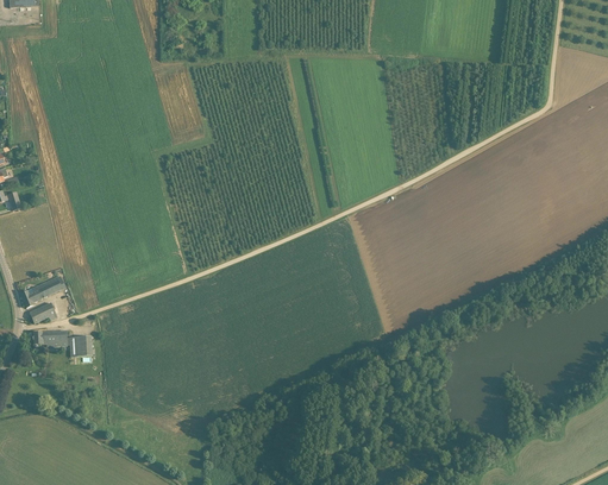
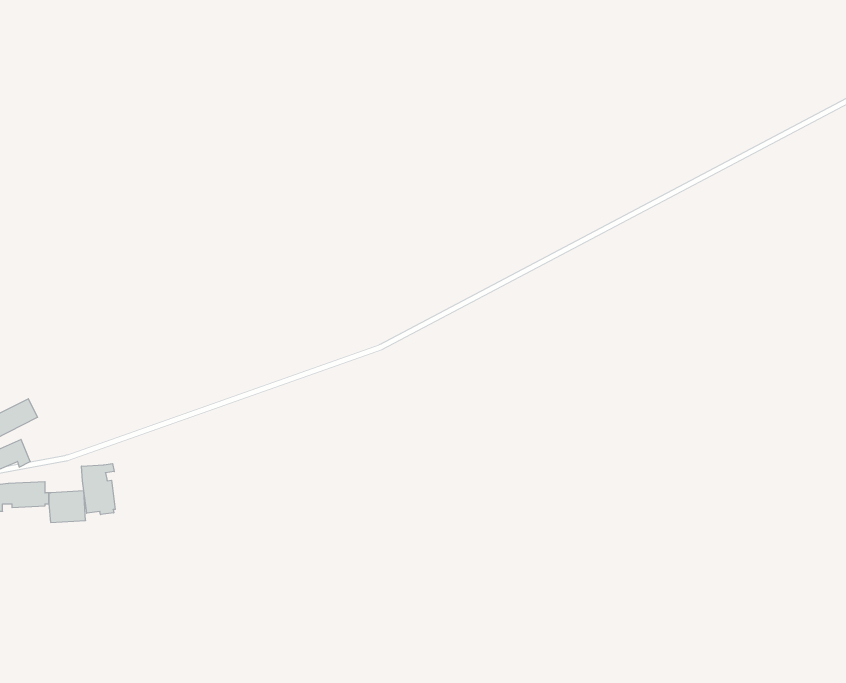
building: none -> [82,464,115,515]

